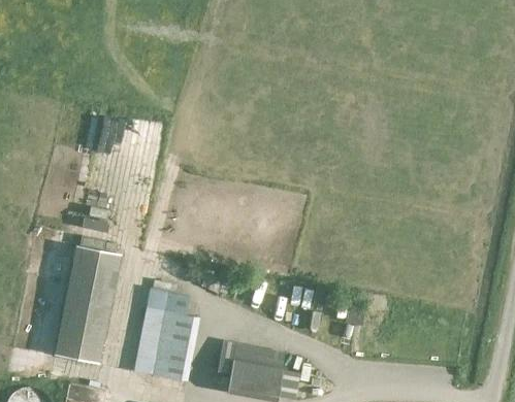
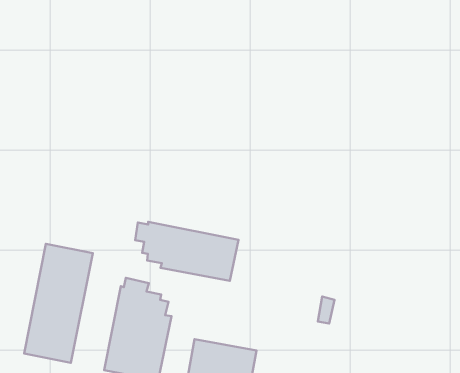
building: none -> [135,222,238,281]

